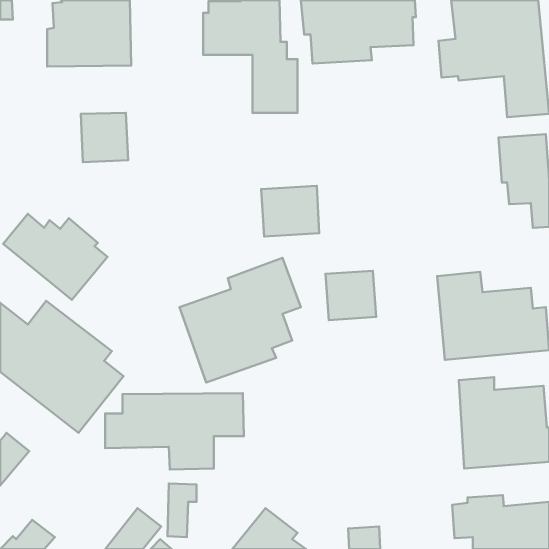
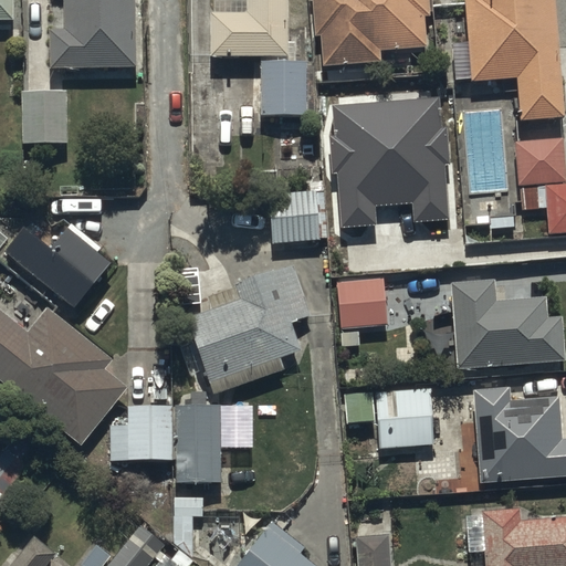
building: none -> [331,96,450,227]
building: [81,113,128,162] -> [20,92,69,143]
building: none -> [342,388,432,449]

